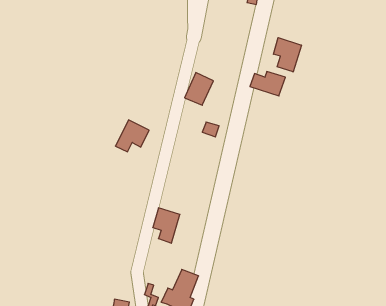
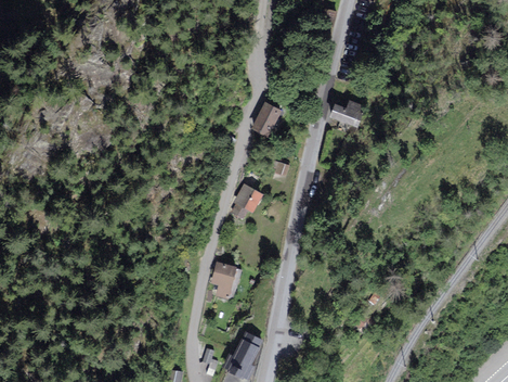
building: [273,38,301,72] -> none
building: [115,120,149,152] -> [224,182,263,219]

